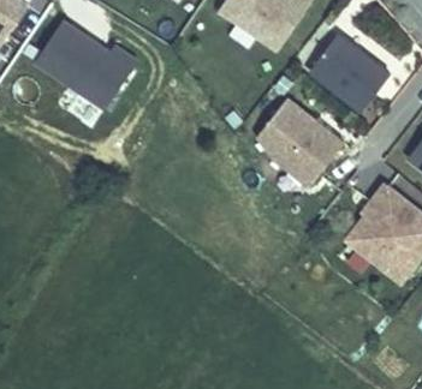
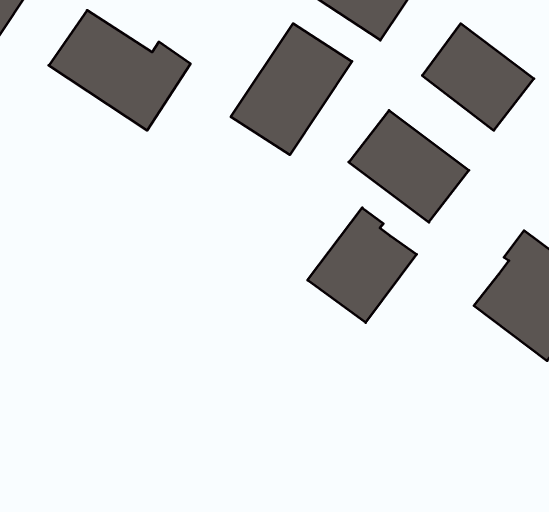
building: none -> [231,24,352,155]
building: none -> [308,208,417,323]

